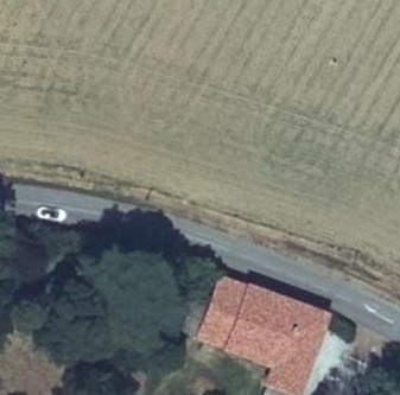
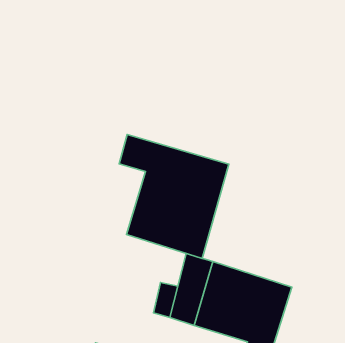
building: none -> [119,135,229,258]

